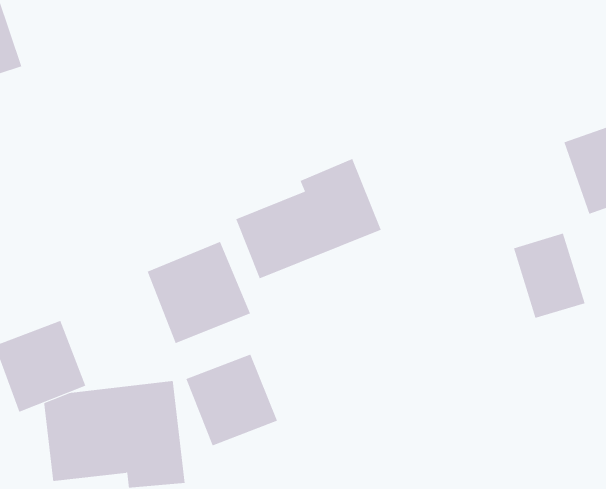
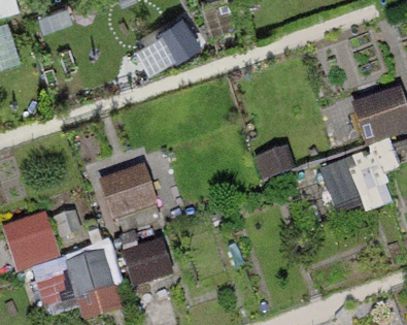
building: [235,158,381,279] -> none

